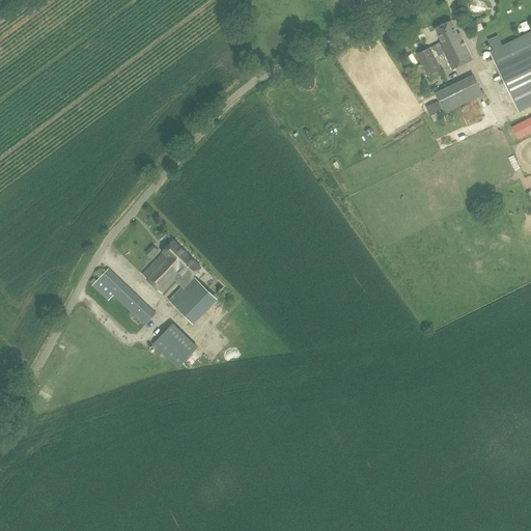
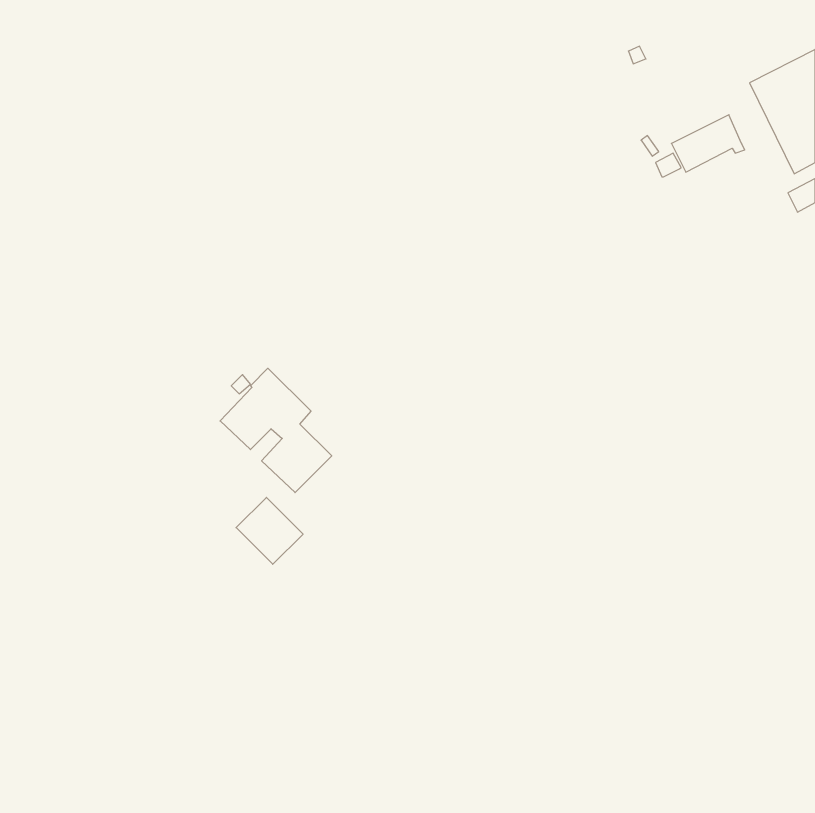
building: [418,21,474,76] -> none
building: [92,269,156,325] -> none

